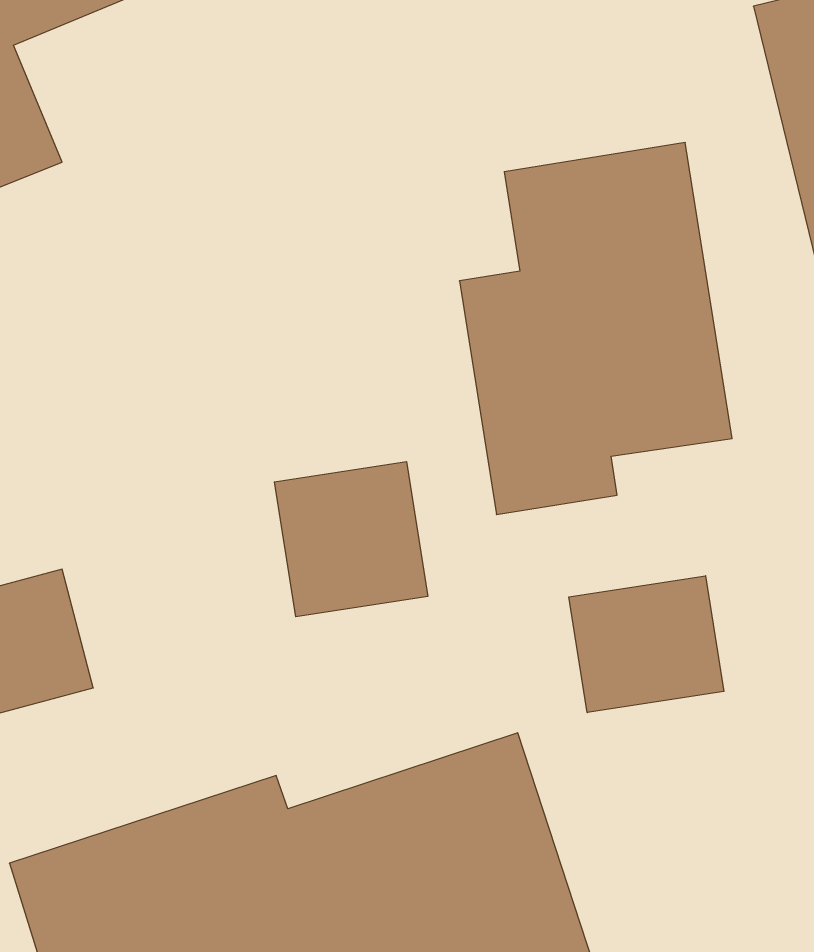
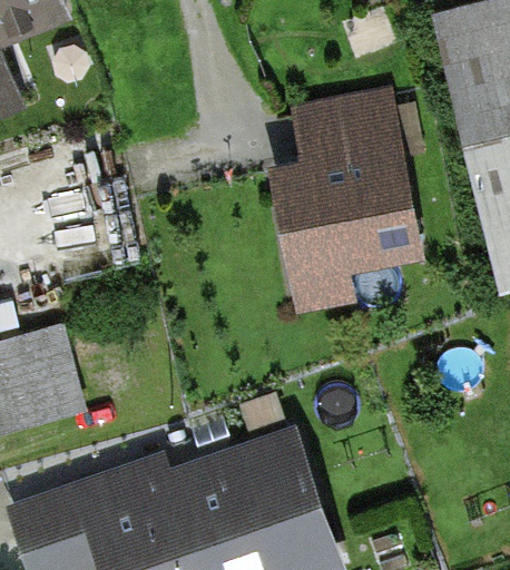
building: [274,462,428,617] -> none
building: [569,576,724,713] -> none

